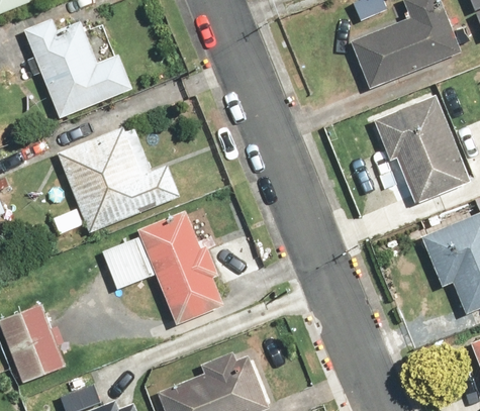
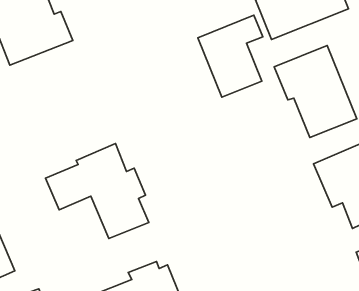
building: none -> [198,15,263,97]
building: [53,124,178,235] -> none

